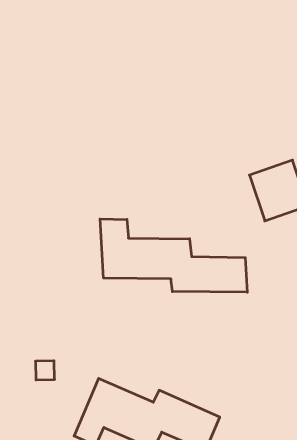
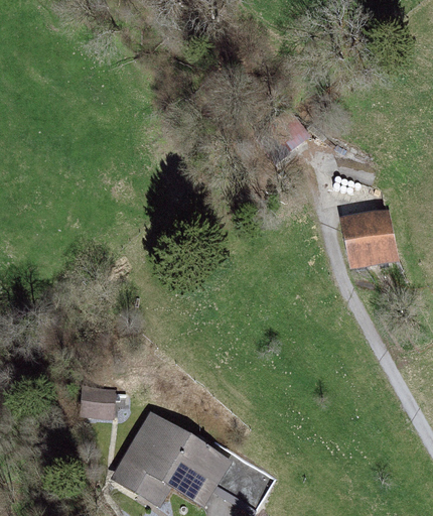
building: [100,219,247,292] -> none

